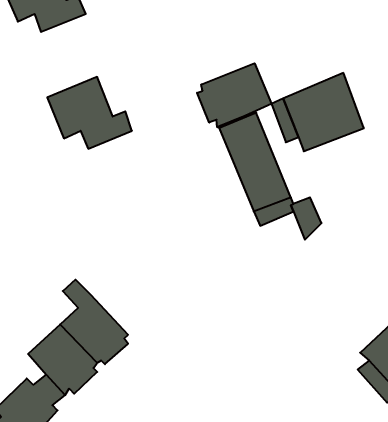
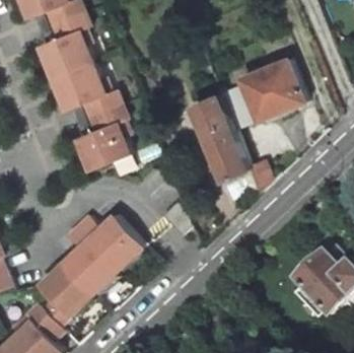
building: none -> [41,13,93,79]
building: [197,63,272,127] -> none
building: none -> [78,105,130,171]
building: none -> [76,212,143,268]

